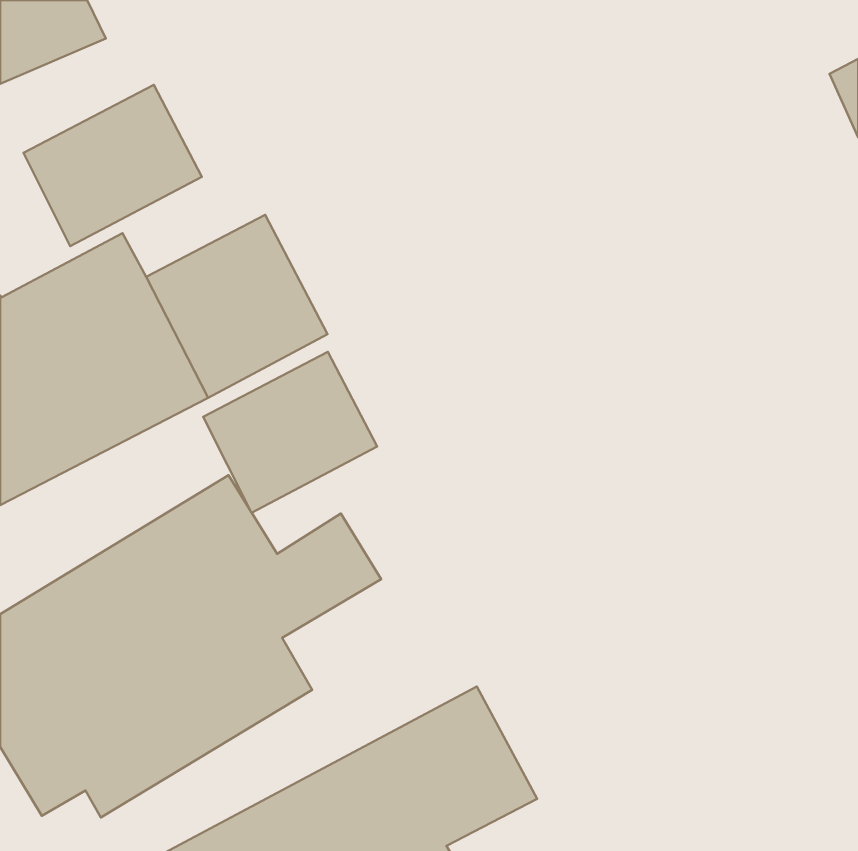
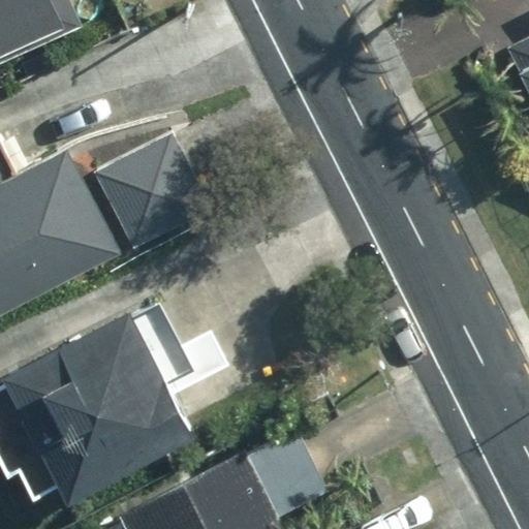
building: [23,85,202,246] -> none
building: [203,352,377,513] -> none

